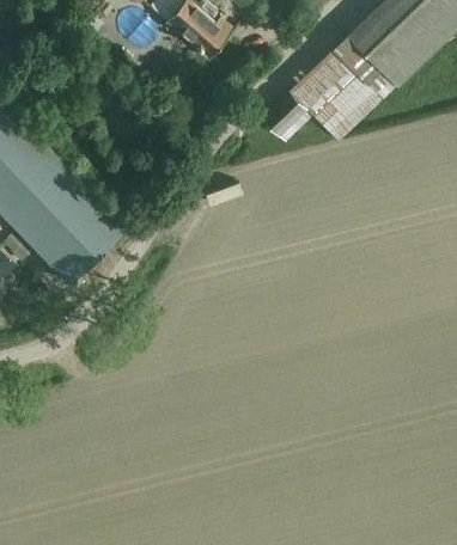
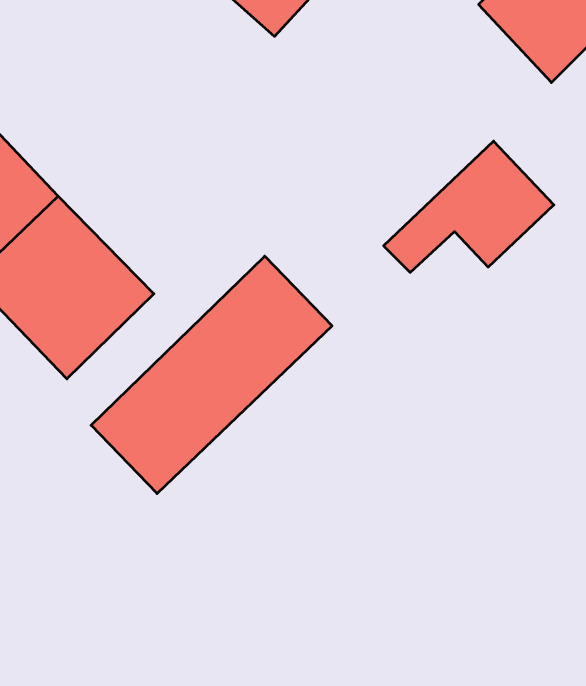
building: [258,47,373,135] -> [384,141,554,272]
building: none -> [91,256,332,494]

